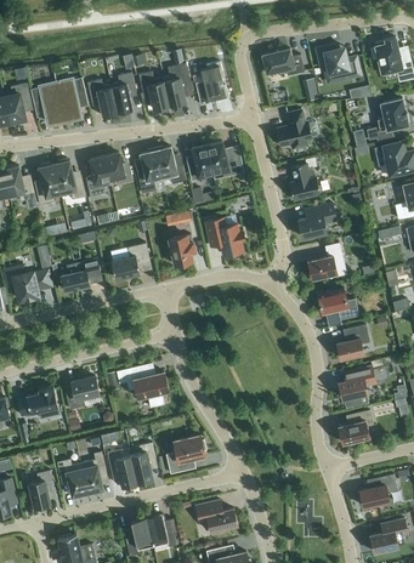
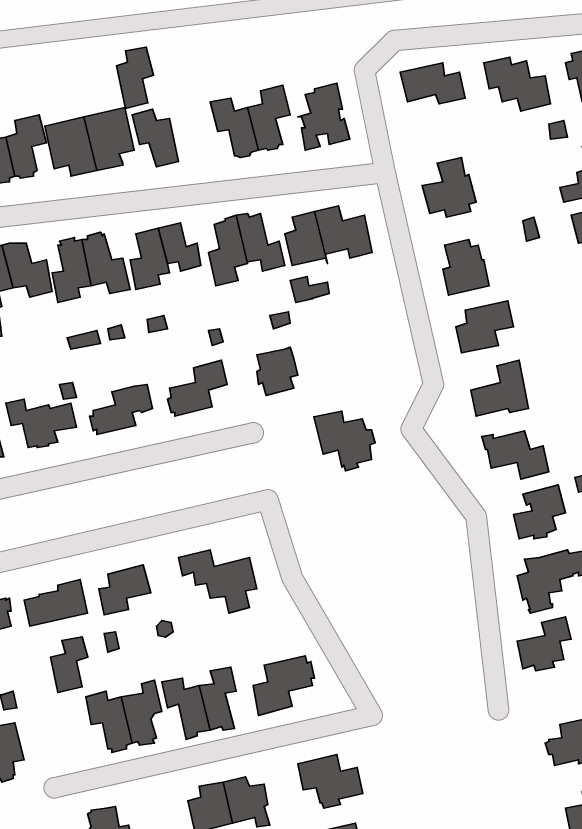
building: [112,73,136,113] -> [116,47,154,109]
building: [205,218,245,257] -> [314,411,375,471]
building: [29,471,53,507] -> [51,637,88,693]

